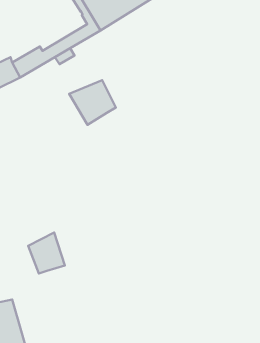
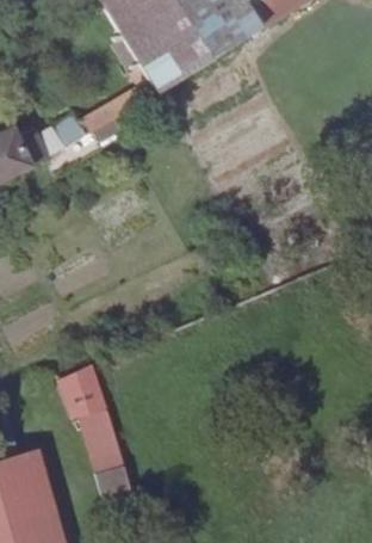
building: [69,80,116,125] -> none
building: none -> [85,407,135,500]

